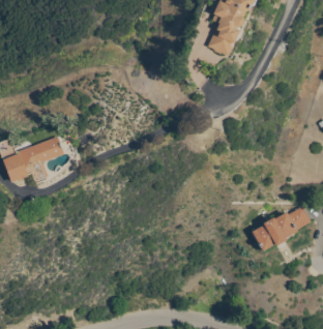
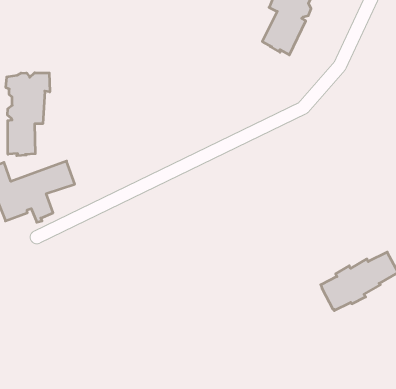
building: none -> [6,73,50,156]

